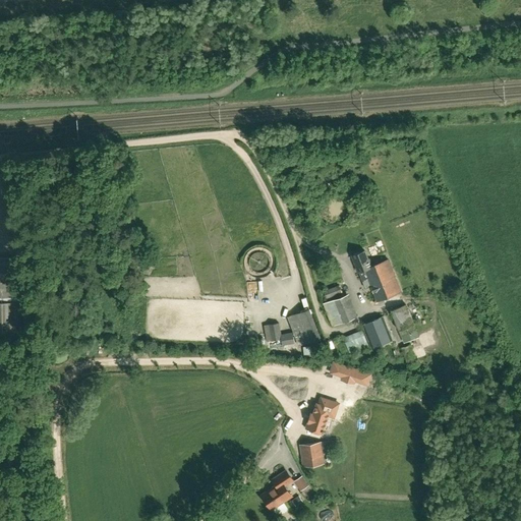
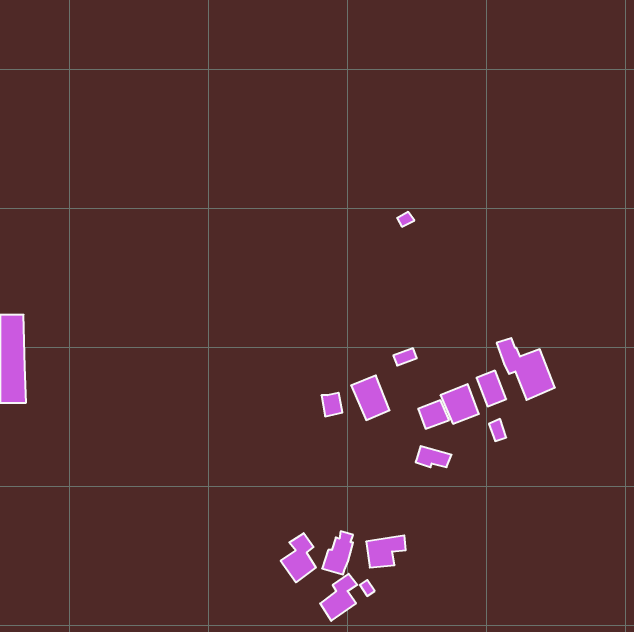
building: [352,251,400,302] -> [497,338,555,400]
building: [323,297,351,328] -> none
building: [306,395,332,430] -> [322,531,353,575]
building: none -> [281,533,316,582]

